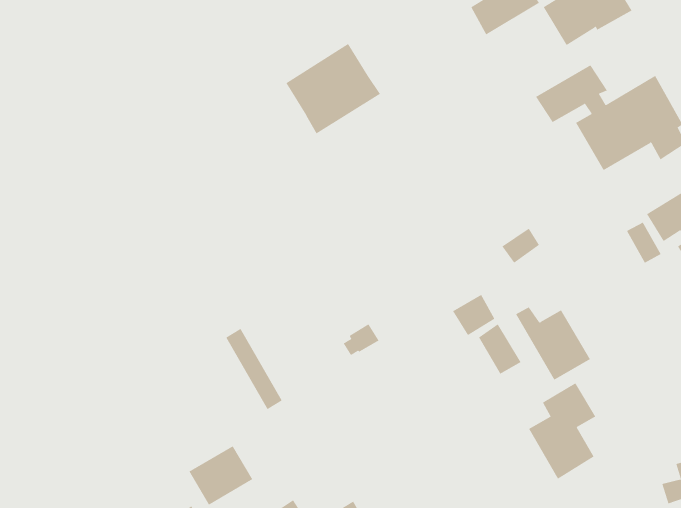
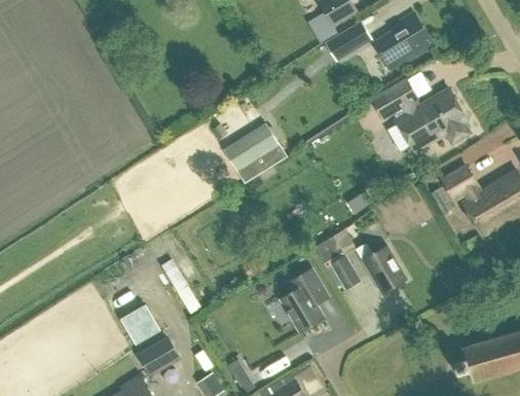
building: [285,43,381,134] -> [223,121,287,182]
building: [528,382,596,480] -> [278,267,324,332]
building: none -> [119,302,160,344]

